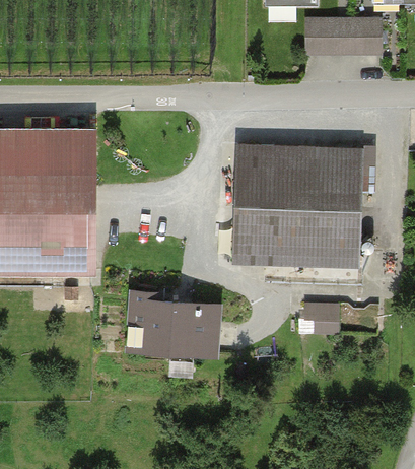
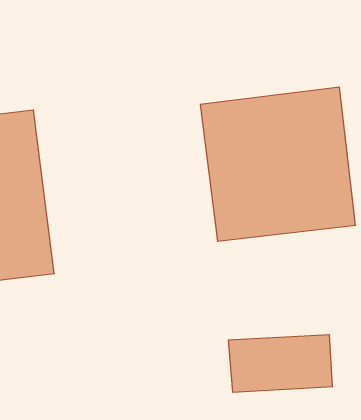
building: [309,296,343,329] -> none
building: [129,303,218,353] -> [228,335,333,392]

